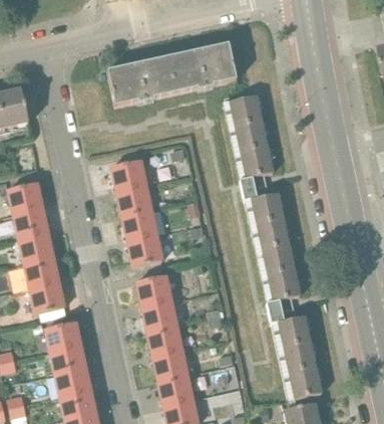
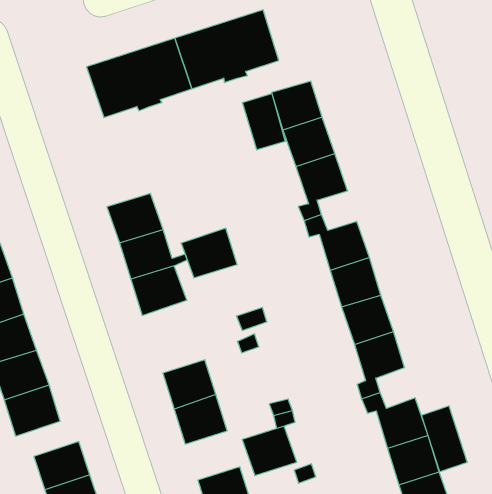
building: none -> [243,93,285,150]
building: [126,233,162,264] -> [181,228,237,278]
building: none -> [421,406,467,472]
building: [146,324,181,355] -> [242,426,297,476]

